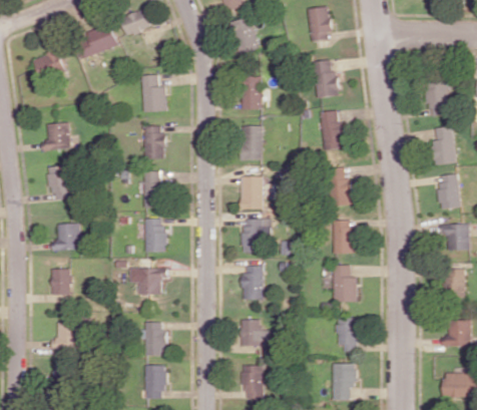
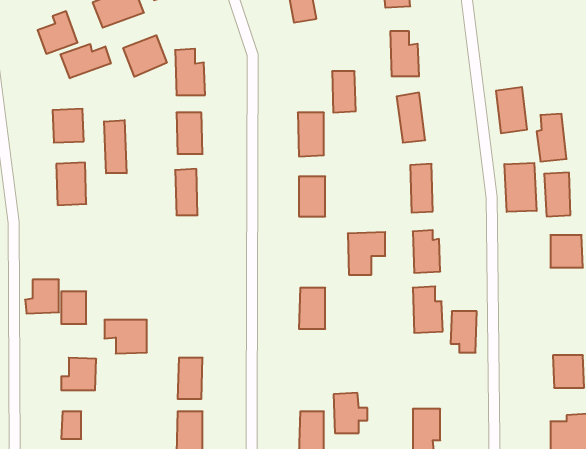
building: none -> [123,35,167,77]
building: none -> [60,44,111,78]
building: [242,77,261,110] -> [332,71,356,113]
building: [425,80,450,117] -> [496,87,527,133]
building: none -> [104,120,127,173]
building: none -> [504,163,537,212]
building: [143,219,164,253] -> none
building: [242,220,272,254] -> [348,232,385,275]
building: [50,225,77,252] -> [25,280,59,313]
building: [129,269,163,296] -> [104,320,147,354]
building: [444,270,463,298] -> none
building: [337,319,358,352] -> [451,311,477,353]
building: [240,320,267,352] -> [334,393,367,433]

